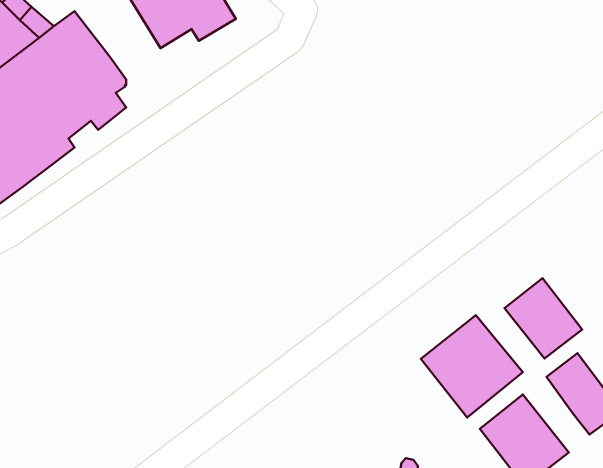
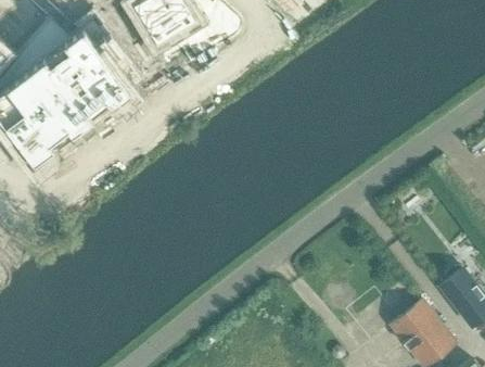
building: [505,278,582,359] -> none
building: [421,315,523,418] -> none

